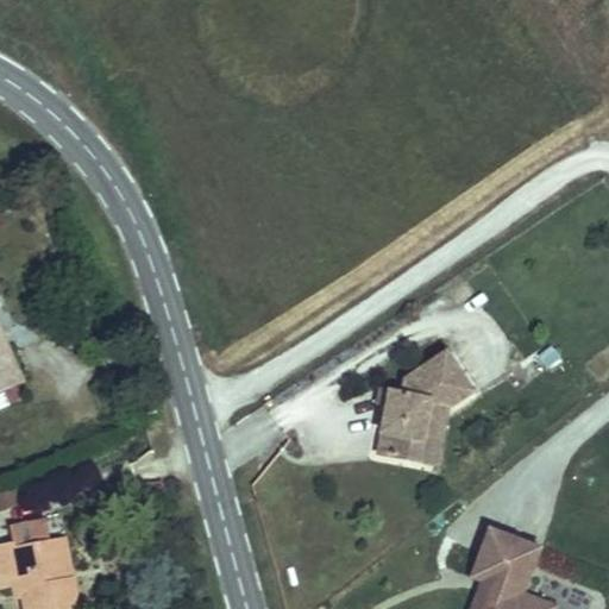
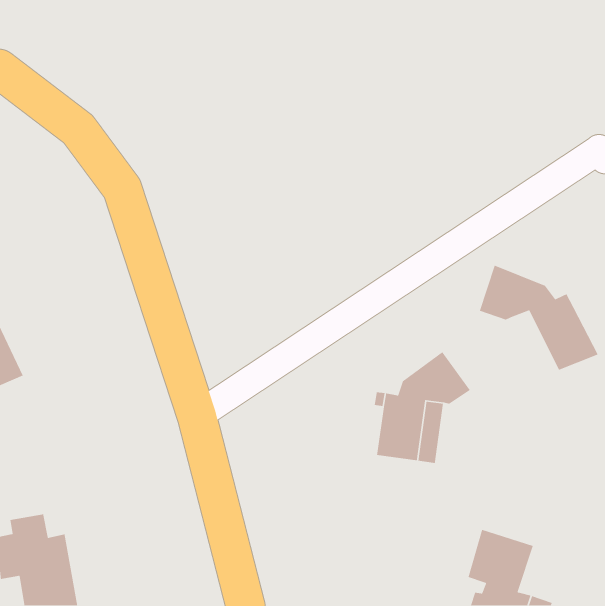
building: none -> [479,265,599,371]

